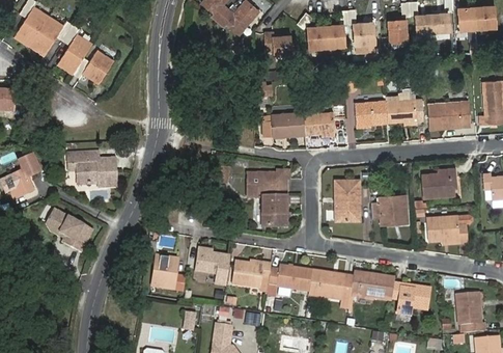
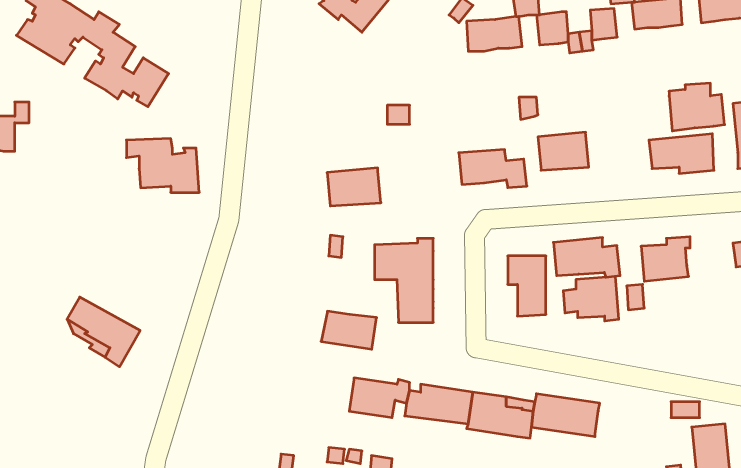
building: [266,31,291,54] -> none
building: [386,91,422,123] -> [669,83,725,131]
building: [270,111,305,136] -> [327,168,381,206]
building: [71,152,118,187] -> [126,139,199,192]
building: [8,166,35,198] -> none
building: [424,215,468,241] -> [553,238,620,277]
building: [194,250,230,275] -> [321,311,377,349]
building: [151,255,176,288] -> none
building: [392,282,430,315] -> none

